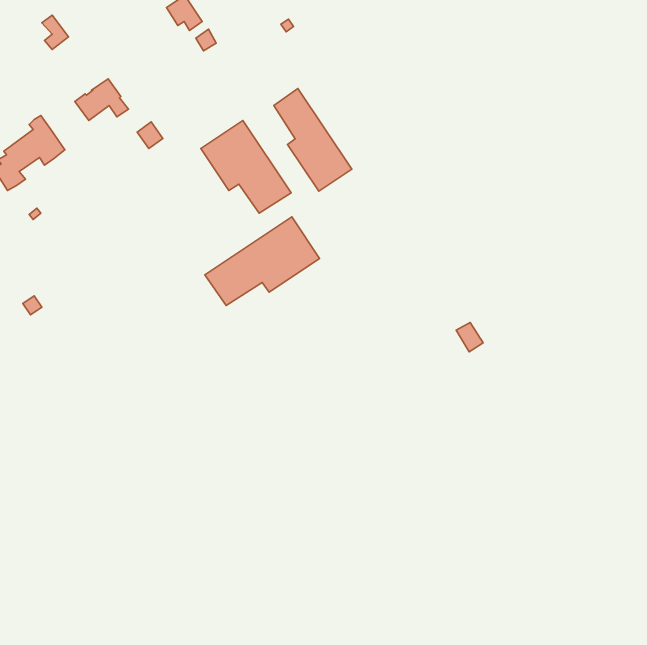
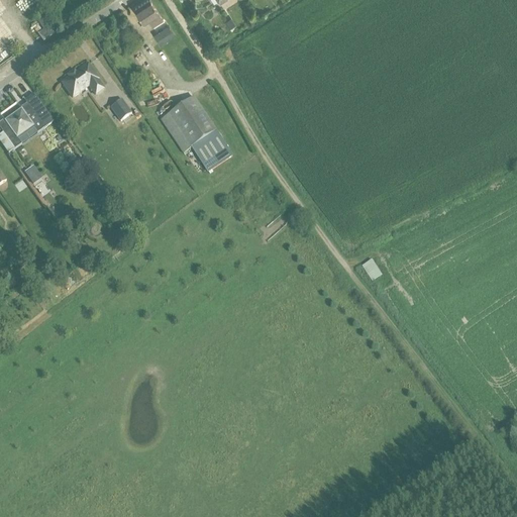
building: [274,88,352,191] -> none
building: [205,217,319,305] -> none

